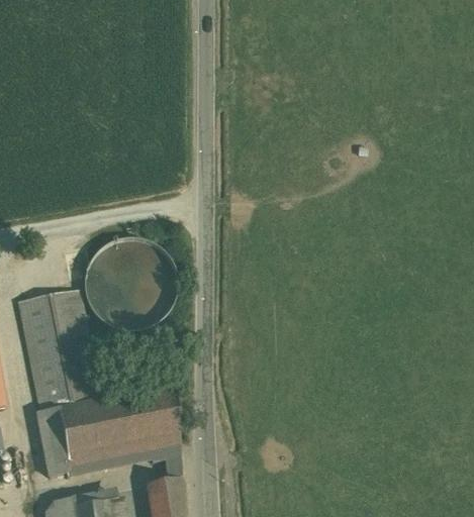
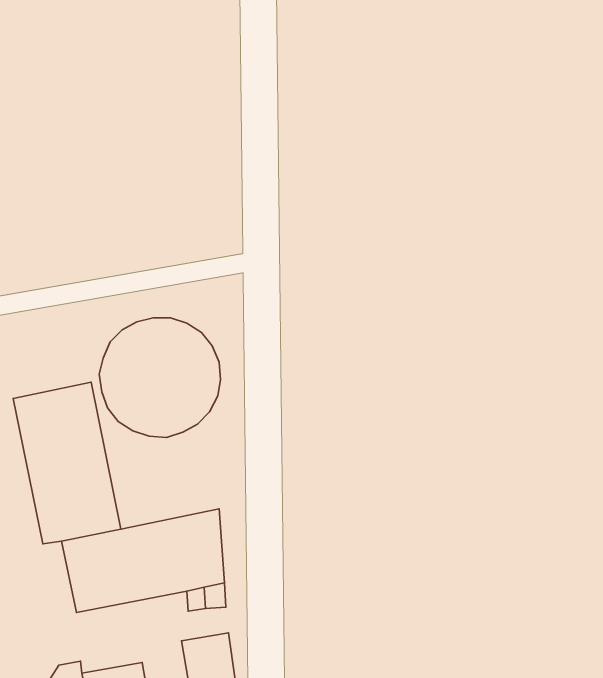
building: [36,409,67,478] -> none

